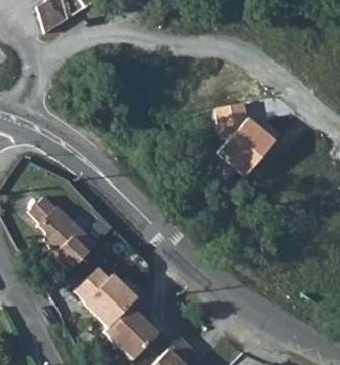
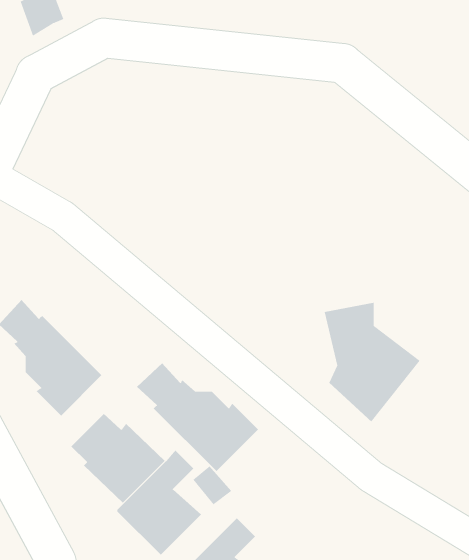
building: [217,99,278,175] -> [324,302,420,423]
building: none -> [136,362,259,472]

